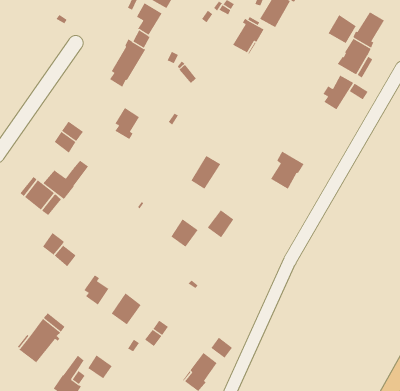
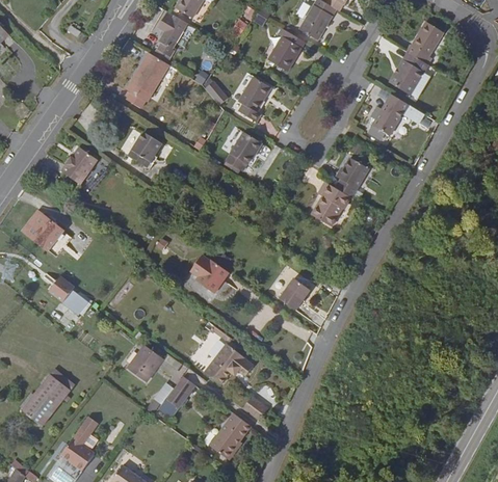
building: [328,14,357,44] -> none
building: none -> [238,77,271,123]
building: none -> [335,157,368,202]
building: [190,155,221,189] -> [226,132,261,171]
building: [43,160,89,200] -> none
building: [207,209,234,238] -> [279,277,310,311]
building: [83,274,109,305] -> none
building: none -> [205,343,255,384]
building: [87,354,112,379] -> none

